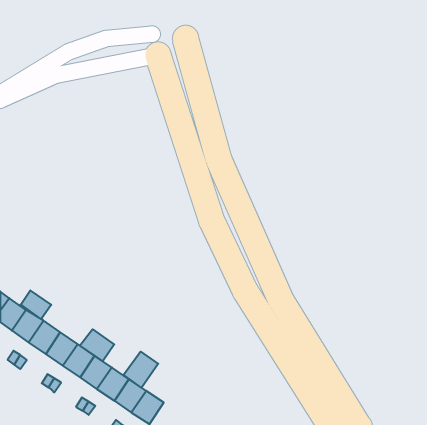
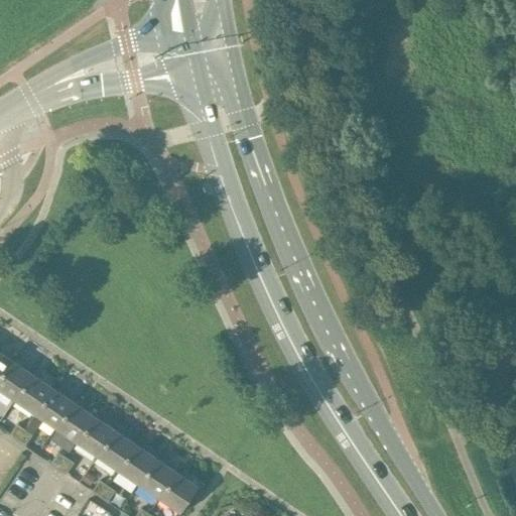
building: [21,290,51,319] -> none
building: [80,329,114,361] -> none
building: [124,352,158,388] -> none

